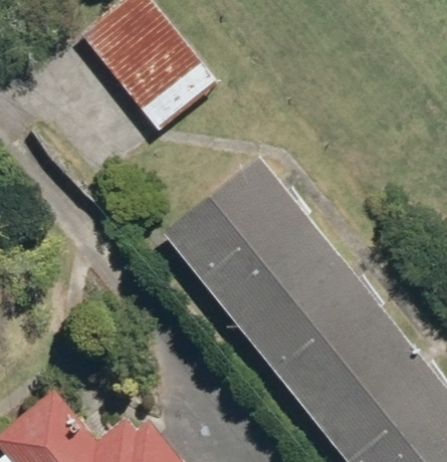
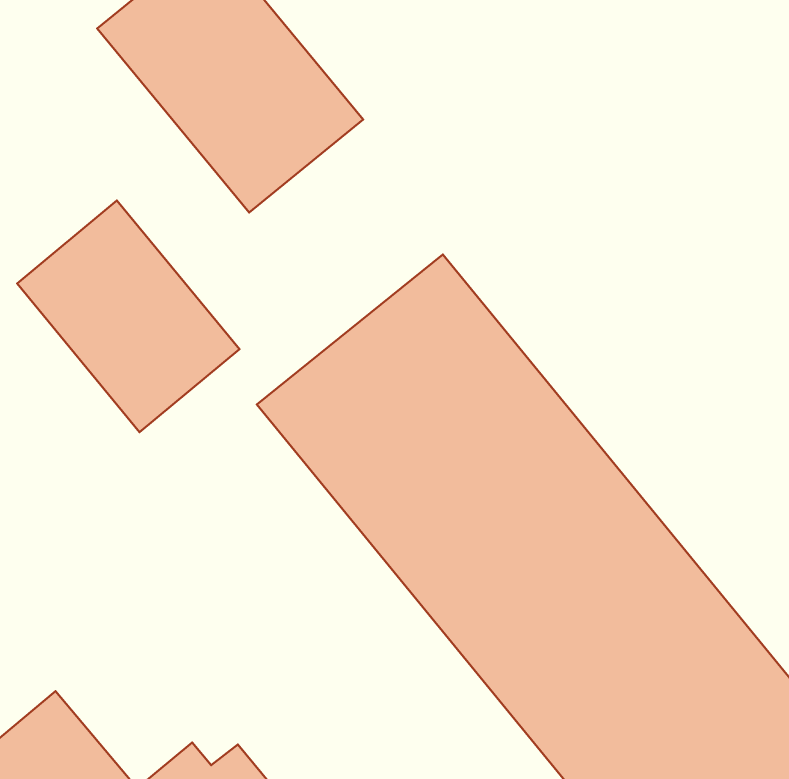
building: none -> [17,200,239,432]

